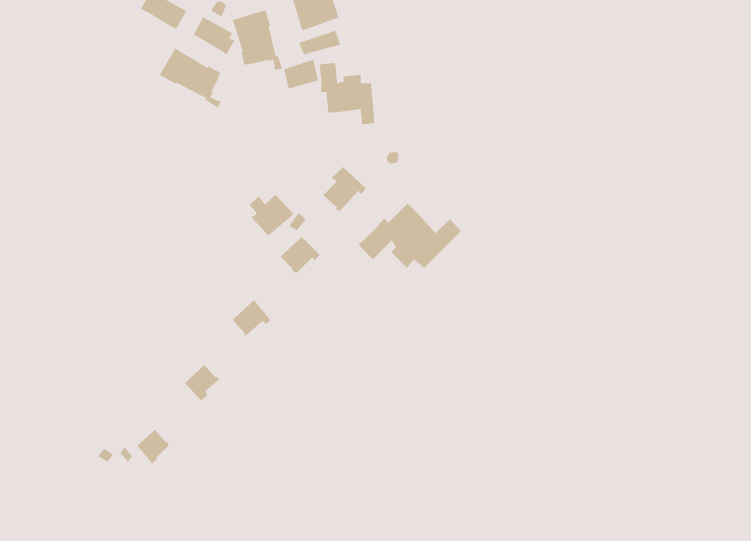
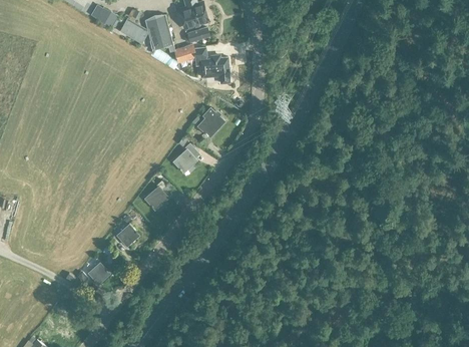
building: [159,48,222,109] -> none
building: [249,194,295,237] -> none
building: [358,203,462,269] -> none

